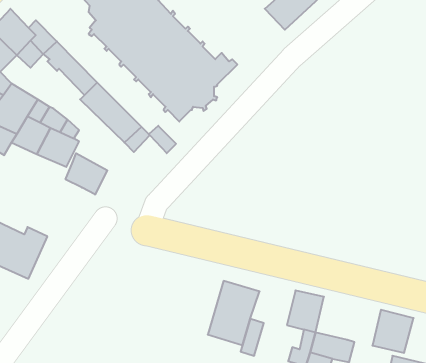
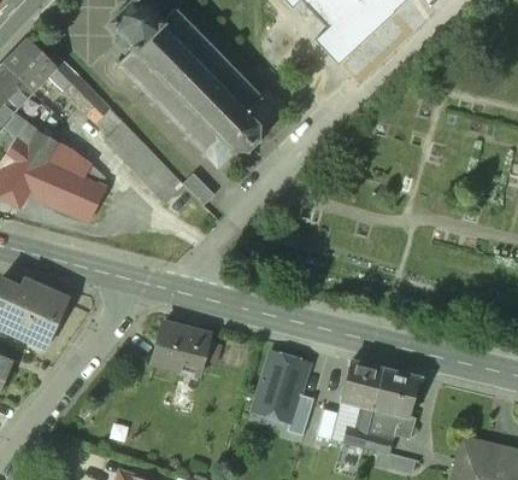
building: [66,153,107,195] -> none
building: none -> [153,322,208,370]
building: [372,310,414,353] -> [373,368,420,417]

